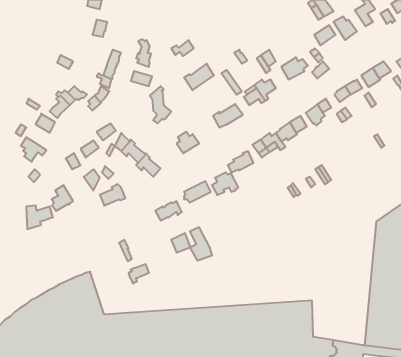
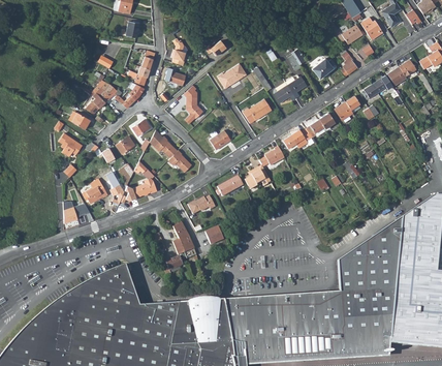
building: none -> [338,215,402,335]
building: [190,227,212,260] -> [171,222,193,254]

